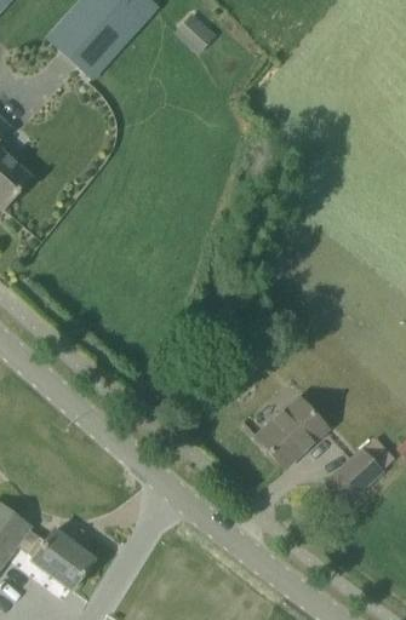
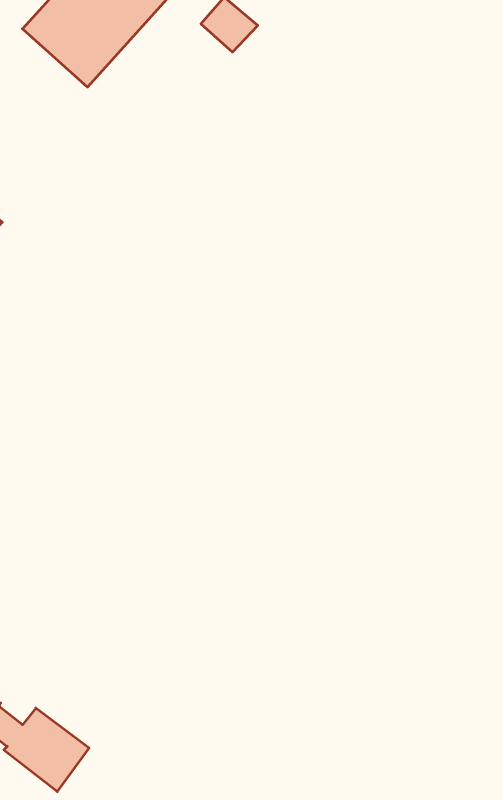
building: [256,396,327,467] -> none
building: [326,448,383,504] -> none

